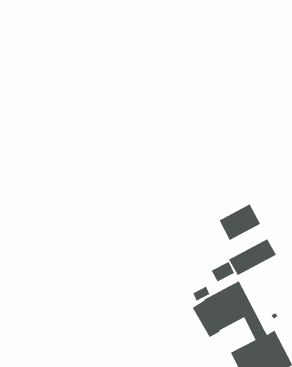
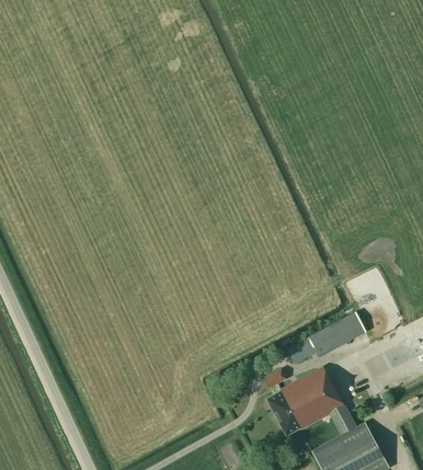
building: [219,204,261,241] -> none

